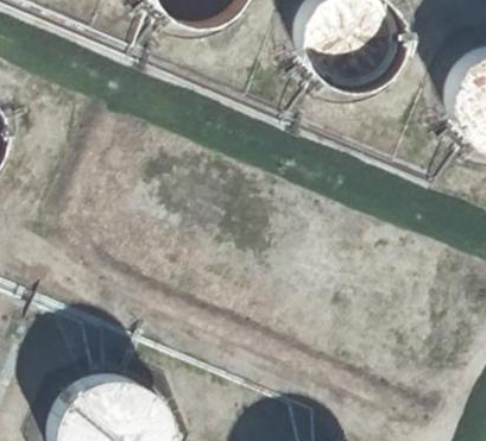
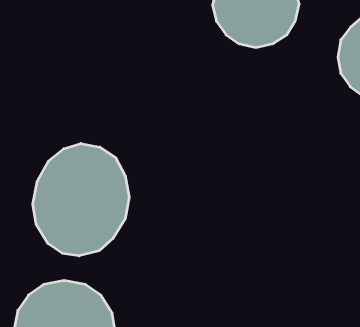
building: none -> [33,143,129,256]

